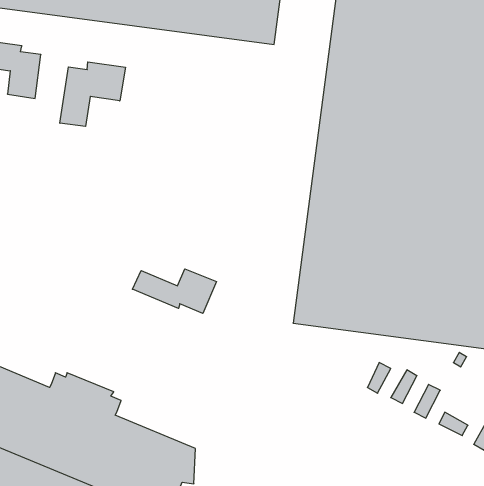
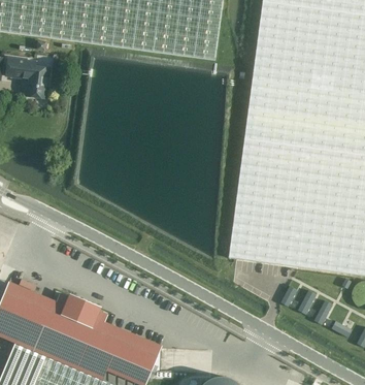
building: [60,62,125,126] -> none
building: [132,269,216,313] -> none

